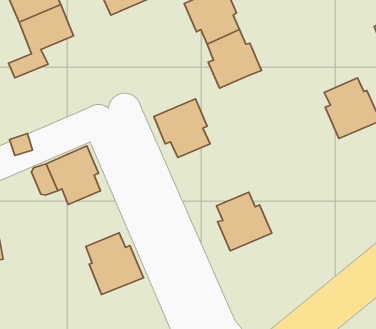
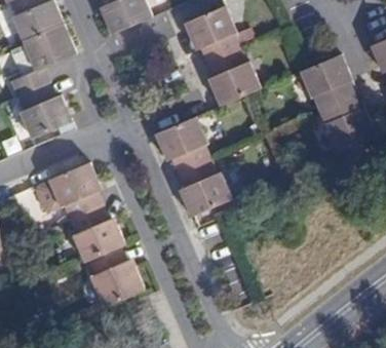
building: none -> [300,52,354,109]
building: none -> [17,81,72,138]
building: none -> [70,205,124,262]
building: [217,192,272,251] -> [178,159,232,217]

